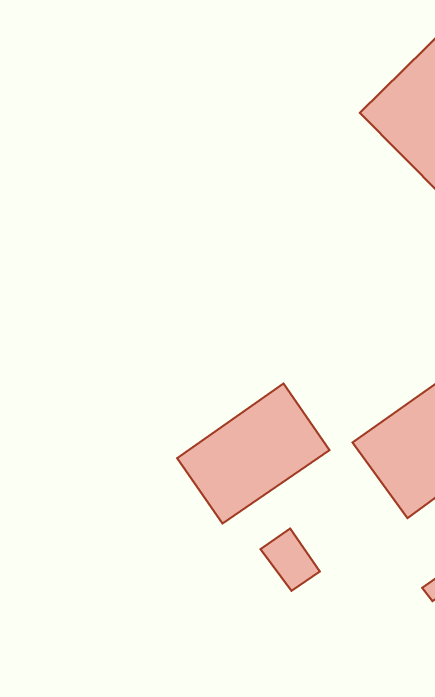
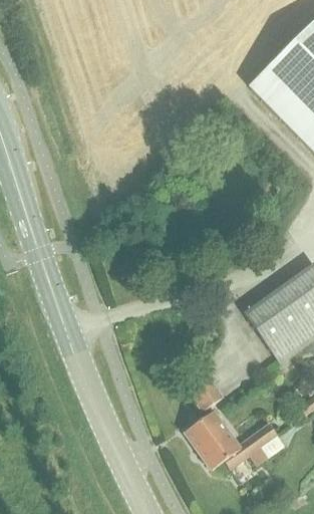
building: [177,383,329,523] -> none
building: none -> [184,409,284,468]

